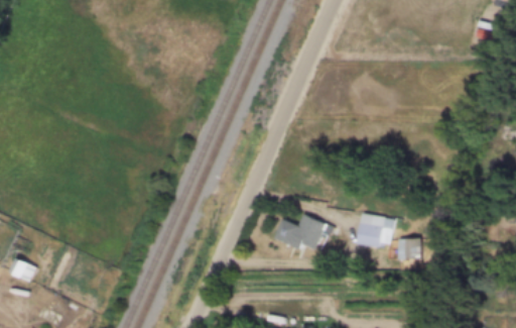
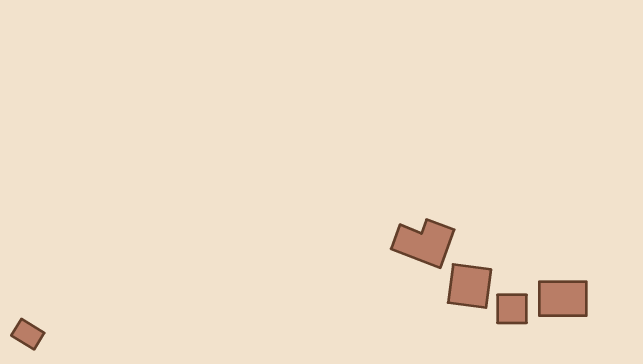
building: [275,215,326,253] -> [391,220,454,268]
building: none -> [539,282,586,316]

